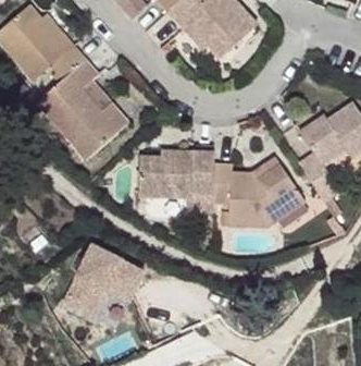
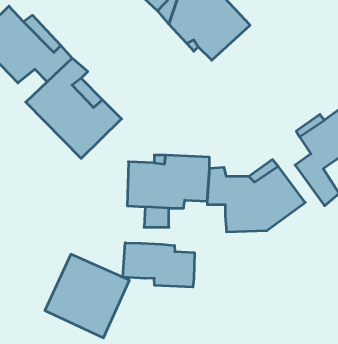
building: none -> [123,243,194,287]

